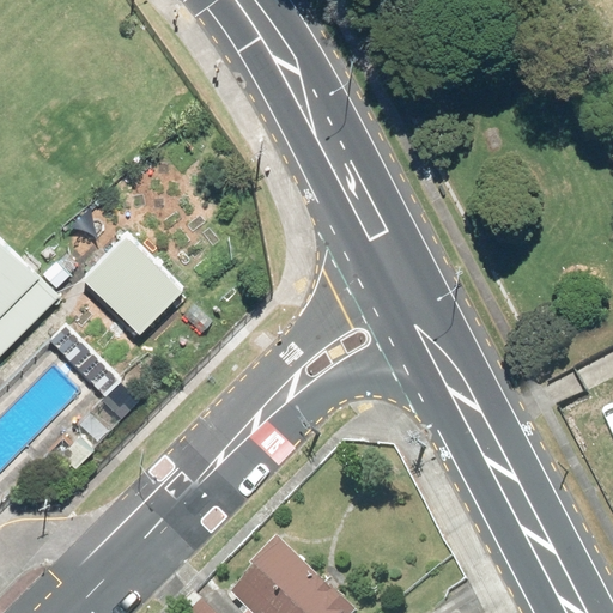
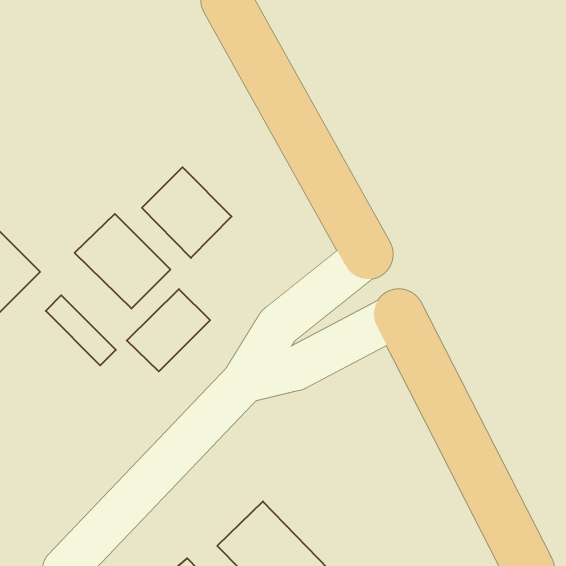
building: none -> [142,167,232,258]
building: none -> [127,289,210,371]

